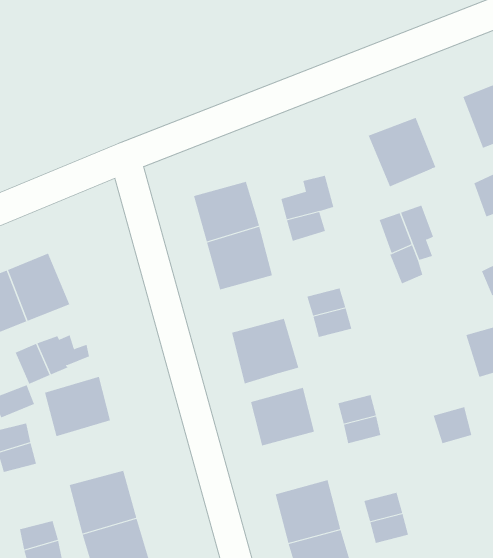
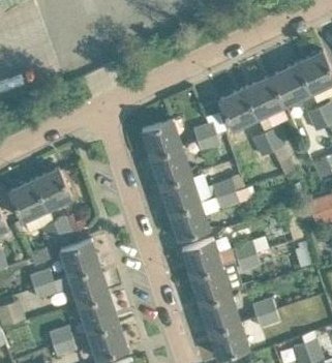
building: none -> [271,63,311,105]
building: none -> [219,89,258,130]
building: none -> [160,175,200,210]
building: none -> [68,266,110,305]
building: none -> [190,266,231,304]

